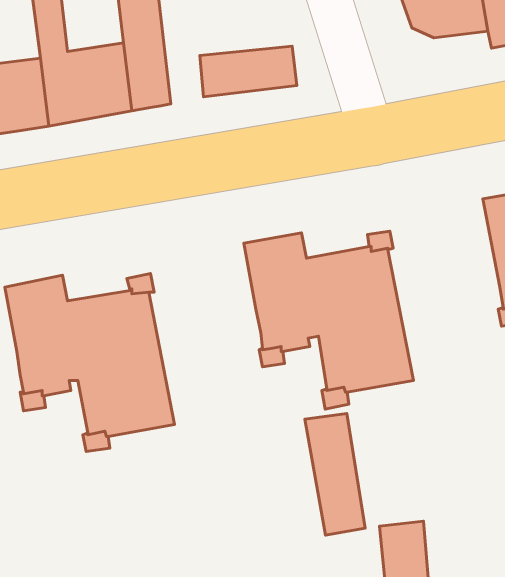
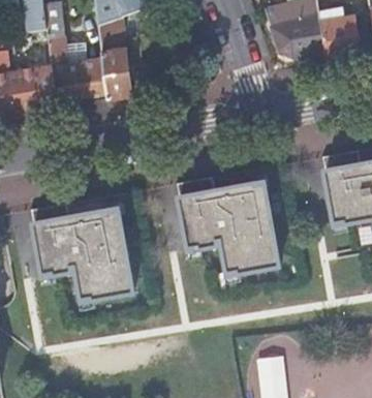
building: [200,46,297,97] -> none
building: [305,413,365,535] -> none

